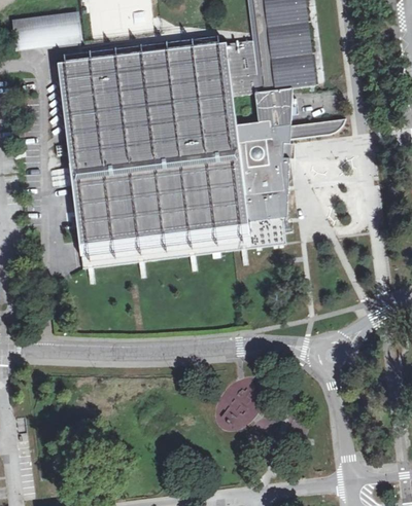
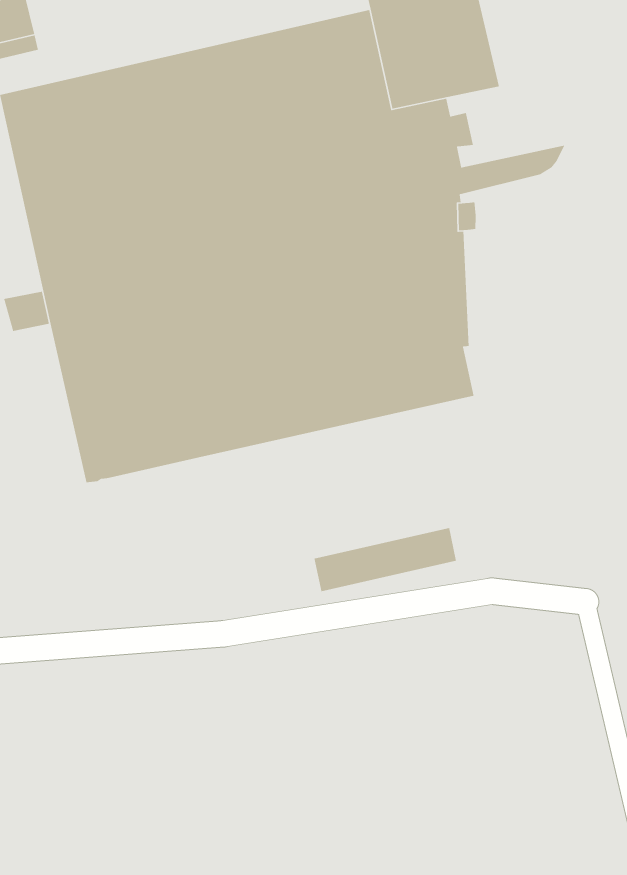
building: none -> [313,527,457,592]

